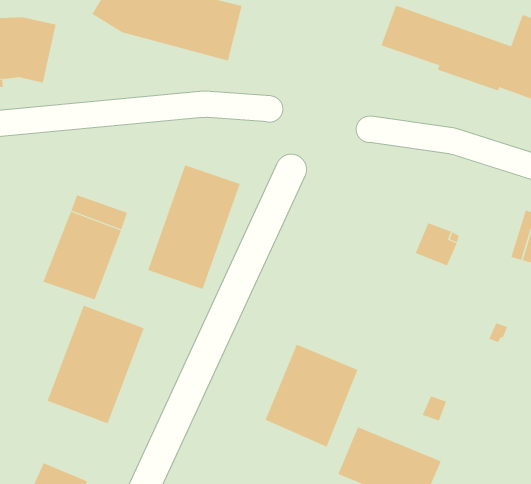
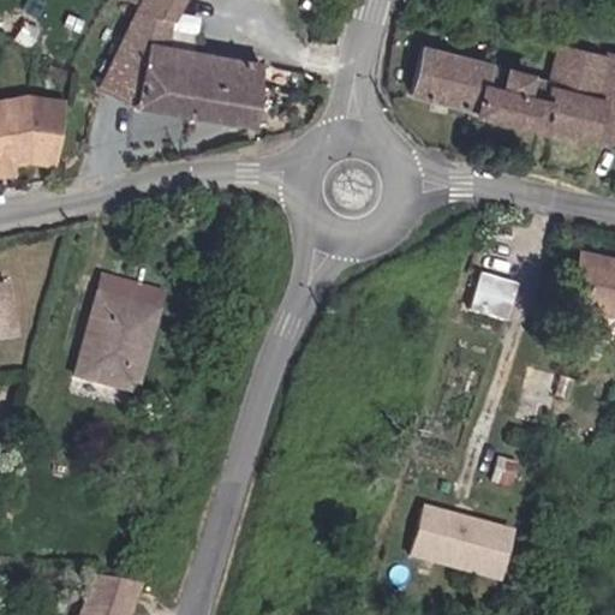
building: [147,164,240,290] -> none
building: [47,305,144,424] -> none
building: [265,344,358,448] -> none

